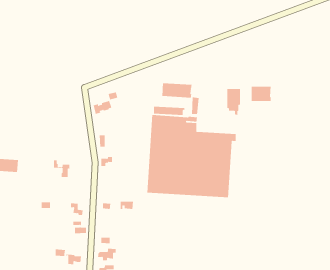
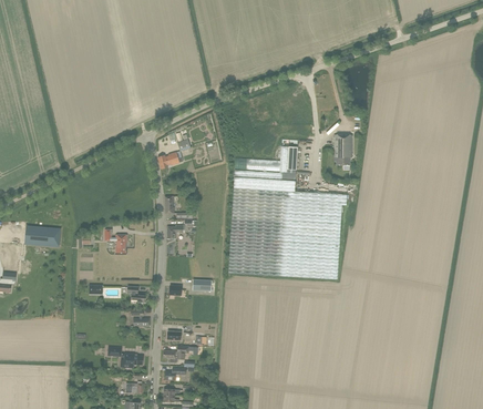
building: [162,82,192,98] -> none
building: [251,86,271,102] -> none

